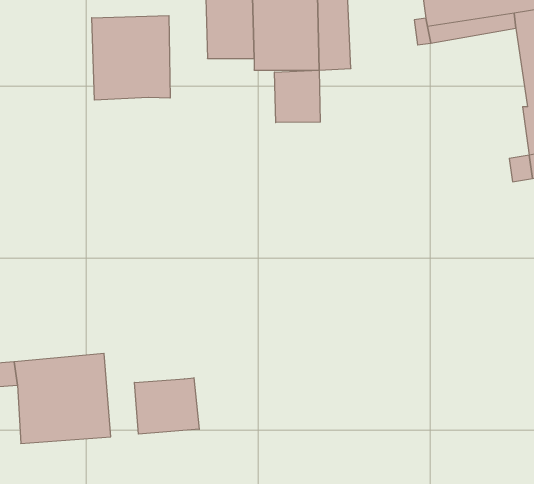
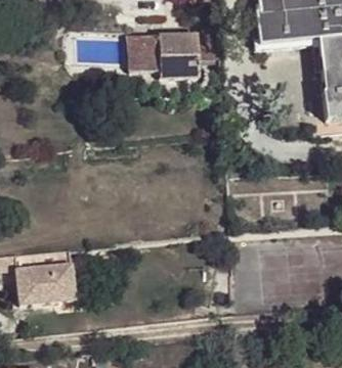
building: [92,16,170,100] -> none
building: [275,70,320,123] -> none
building: [134,378,199,434] -> none

